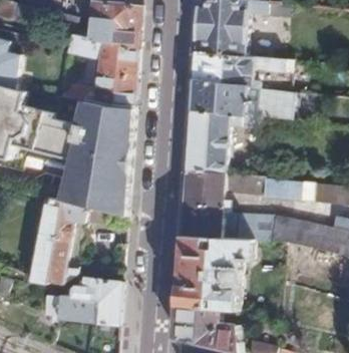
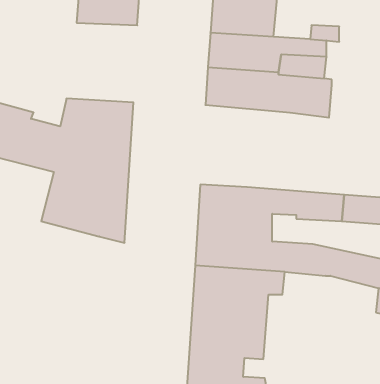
building: [62,42,136,106] -> none
building: [187,108,258,173] -> none
building: [33,199,106,285] -> none
building: [46,278,122,323] -> none

